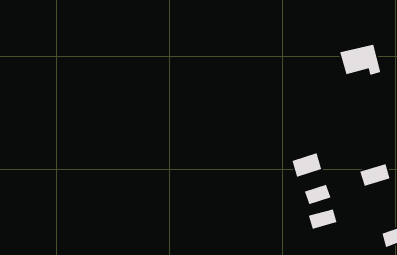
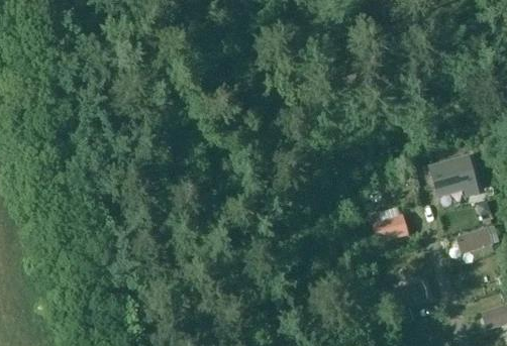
building: [339,44,381,76] -> [428,157,480,197]
building: [304,184,331,205] -> none

